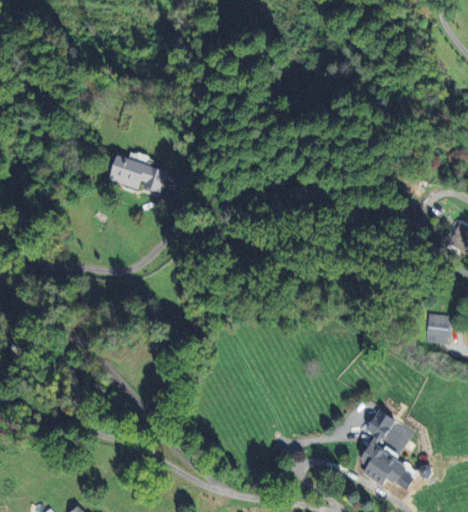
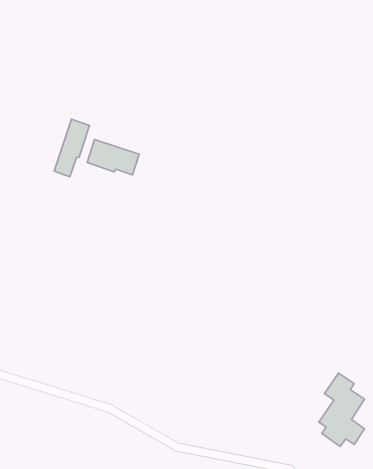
building: none -> [54,119,89,177]

